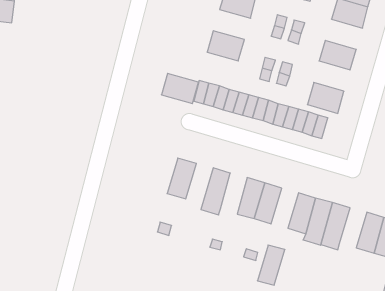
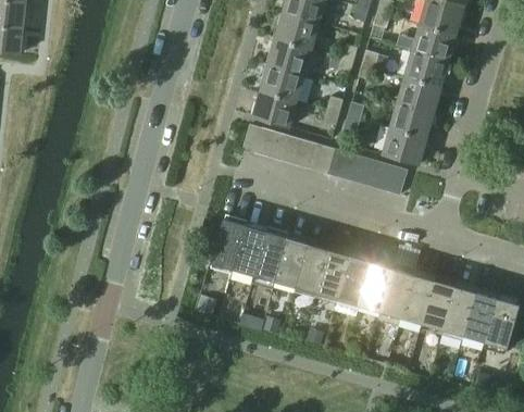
building: none -> [266,38,312,75]
building: none -> [403,50,449,87]
building: none -> [389,101,434,138]
building: [161,73,199,104] -> [251,90,297,127]
building: none -> [230,226,266,283]
building: none -> [275,238,308,288]
building: none -> [421,280,454,329]
building: [257,245,285,285] -> [337,257,371,305]

